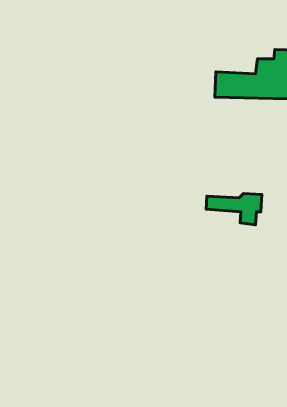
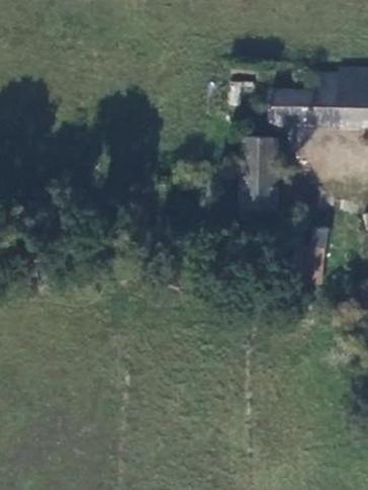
building: none -> [241,139,279,212]

